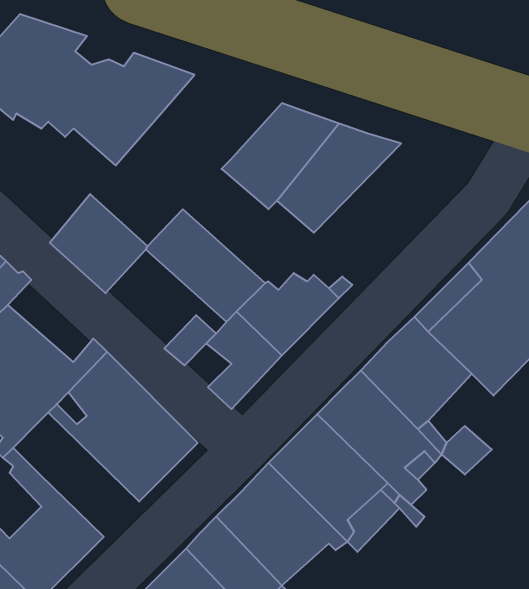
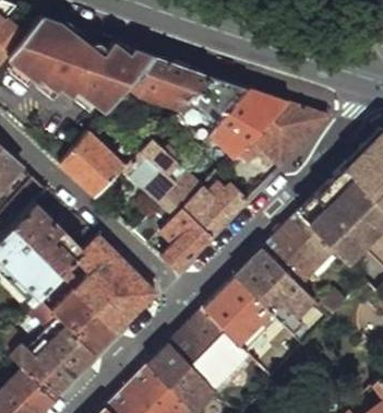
building: none -> [125,57,211,113]
building: none -> [232,102,330,170]
building: none -> [52,276,118,357]

